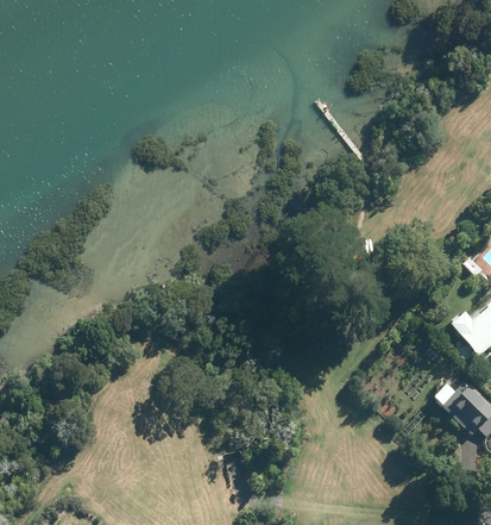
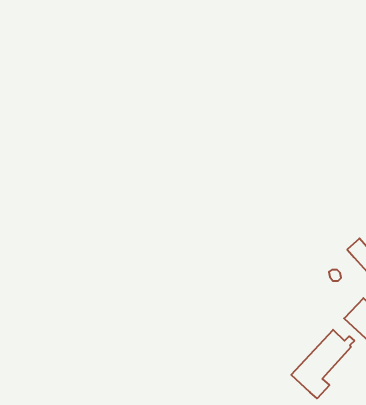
building: none -> [291,330,354,398]

